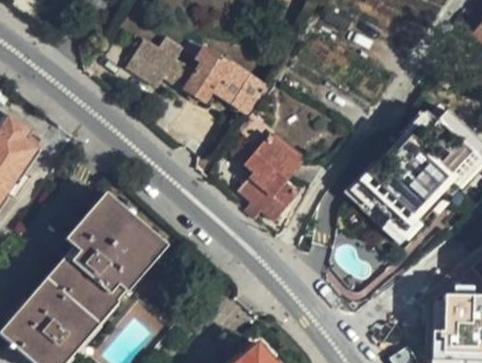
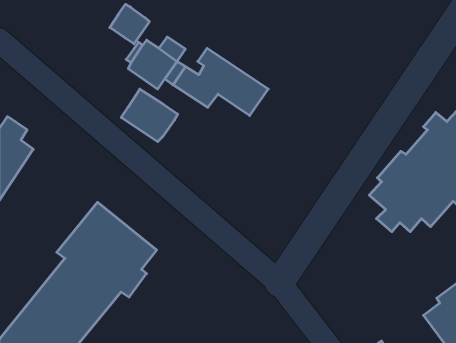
building: none -> [110,4,149,44]
building: none -> [121,89,178,142]
building: [238,134,301,219] -> none

